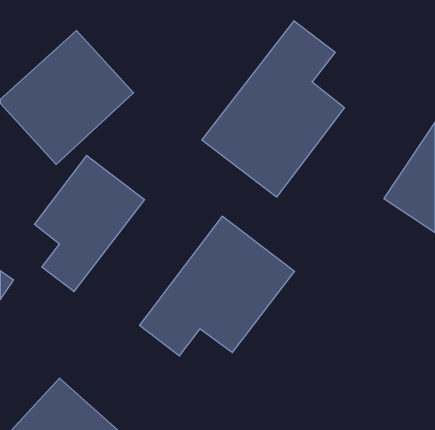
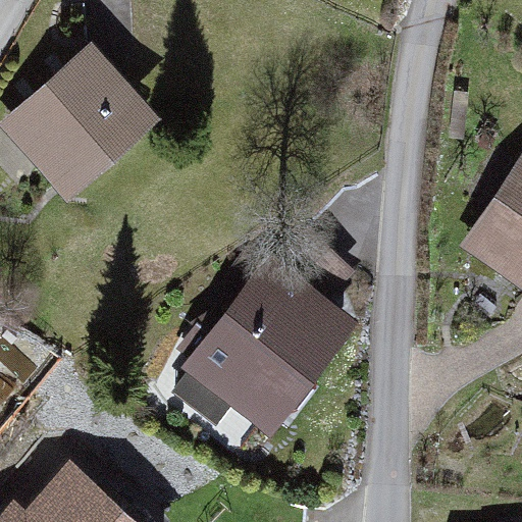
building: [202,21,344,197] -> none
building: [34,155,145,292] -> none

